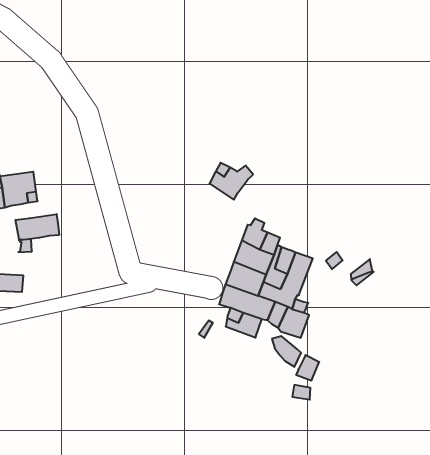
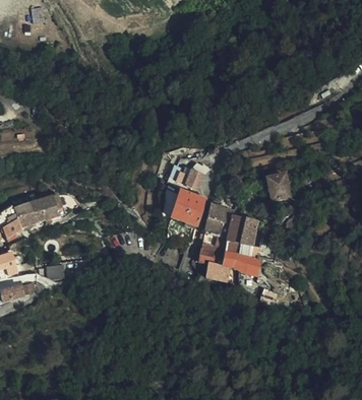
building: none -> [168,190,207,226]
building: none -> [267,175,290,199]
building: [15,214,59,240] -> none

